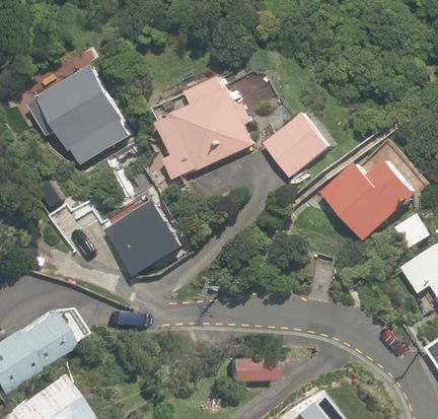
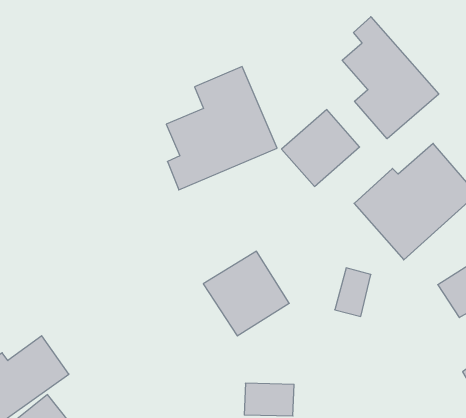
building: none -> [342,17,439,139]
building: [33,61,134,167] -> none
building: [107,202,185,278] -> [203,251,289,336]

